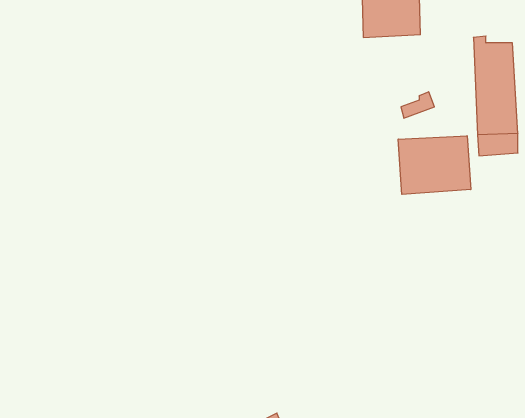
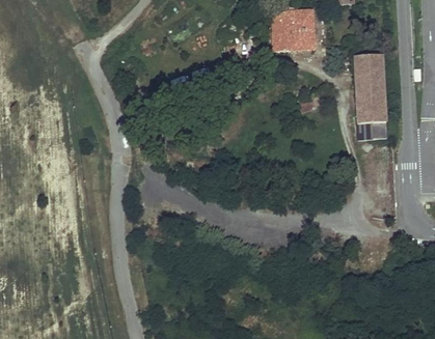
building: [398,136,471,194] -> none

